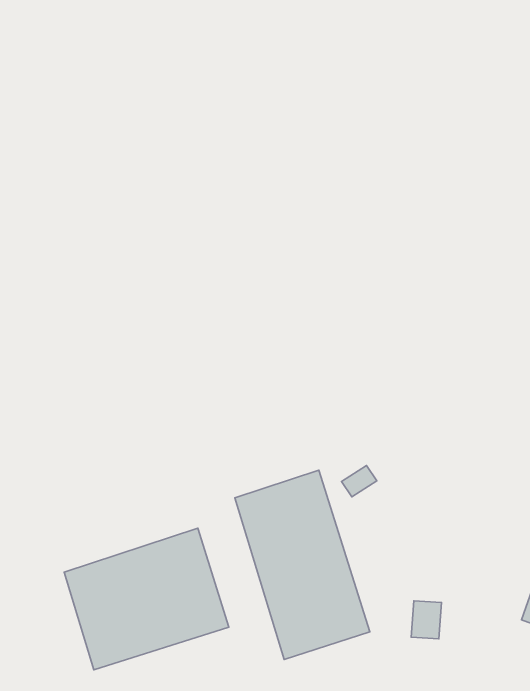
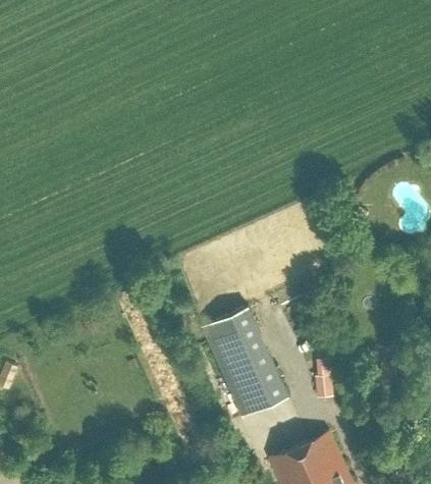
building: [64,528,229,670] -> none

